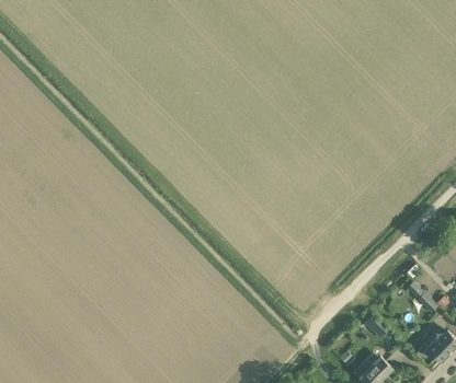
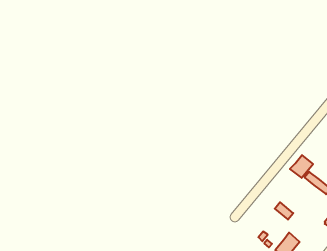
building: none -> [290,155,313,178]

